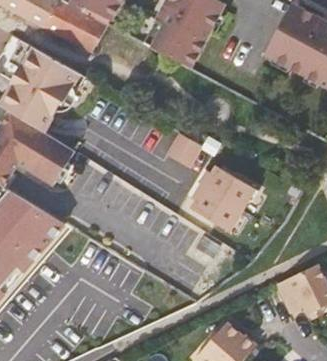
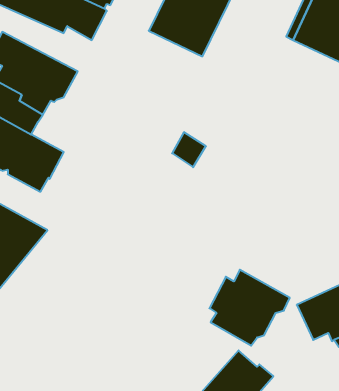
building: [197,164,266,229] -> [209,270,290,346]

